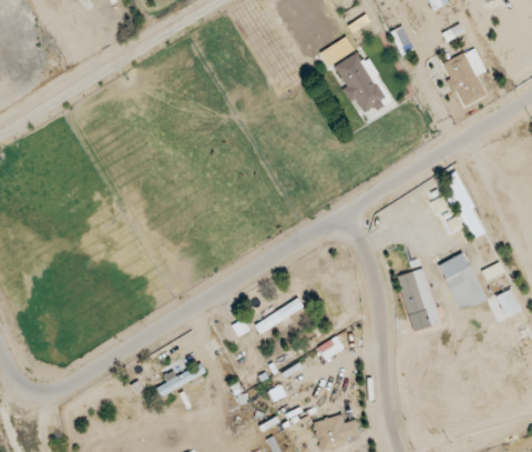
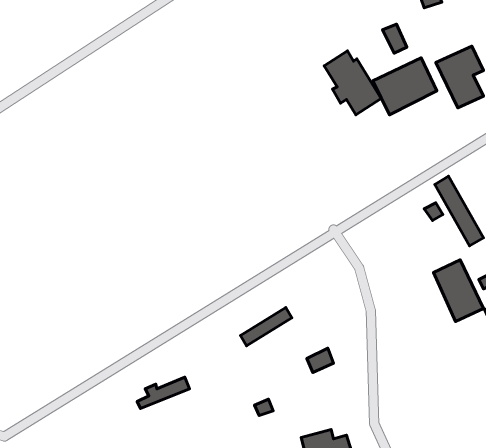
building: [320,38,355,64] -> none
building: none -> [373,58,437,115]
building: [397,268,440,332] -> none

